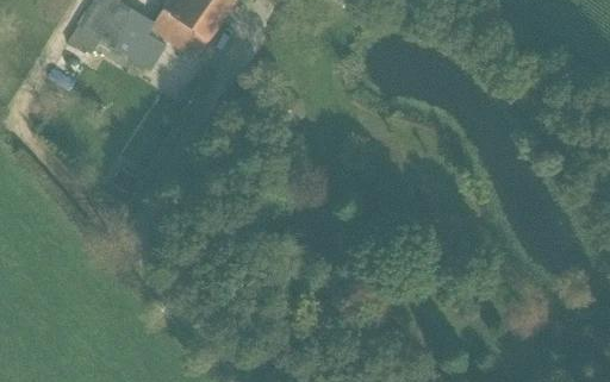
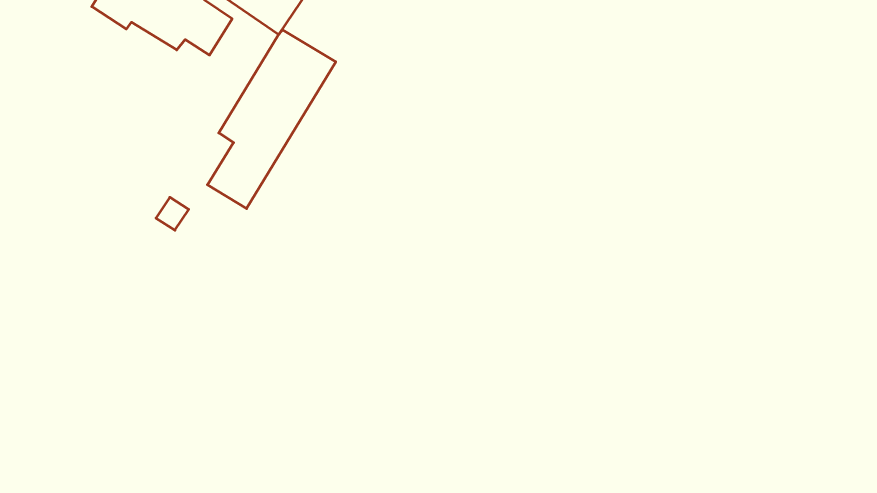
building: none -> [207,30,336,209]

